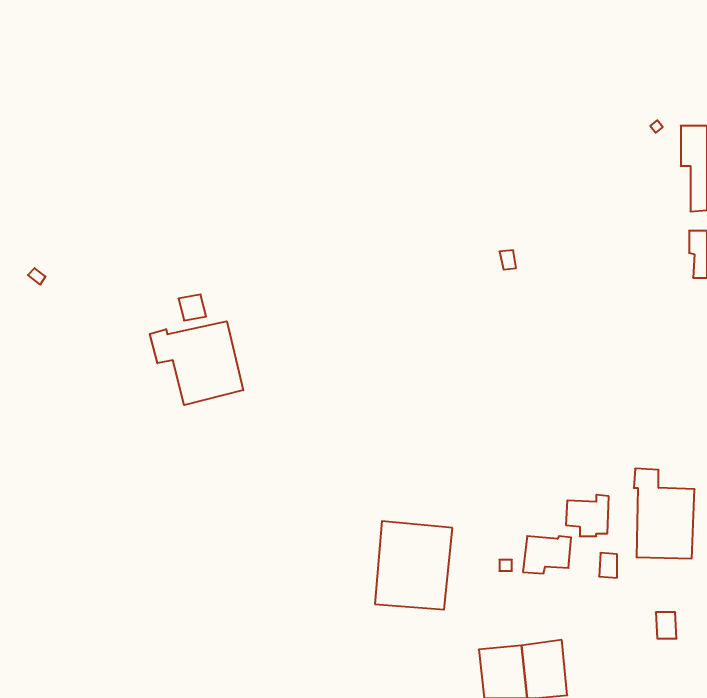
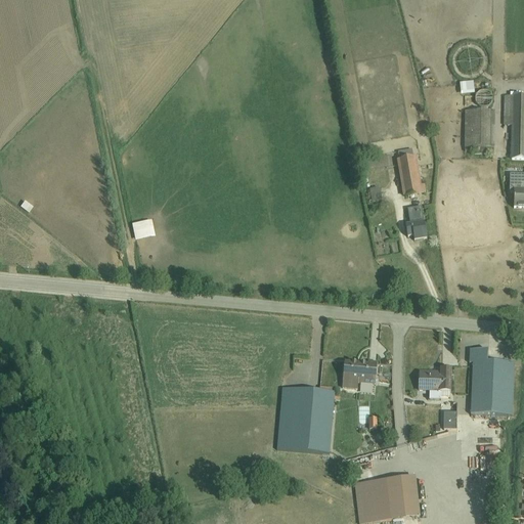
building: none -> [465,107,495,150]
building: none -> [397,146,426,194]
building: none -> [405,204,427,237]
building: [150,321,243,405] -> none
building: [523,536,571,573] -> [342,359,378,387]

